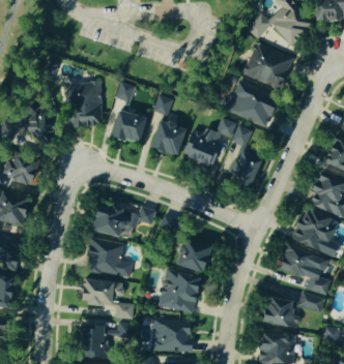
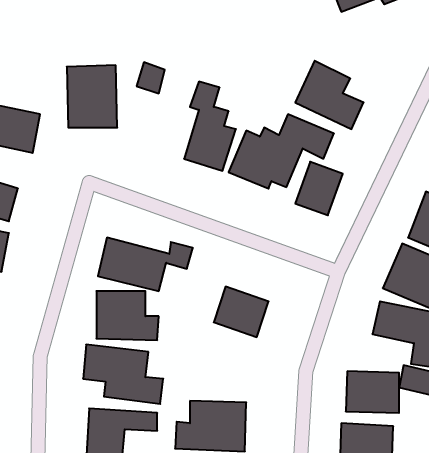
building: [238,43,295,91] -> none
building: [111,111,147,145] -> none
building: [162,273,199,310] -> none

